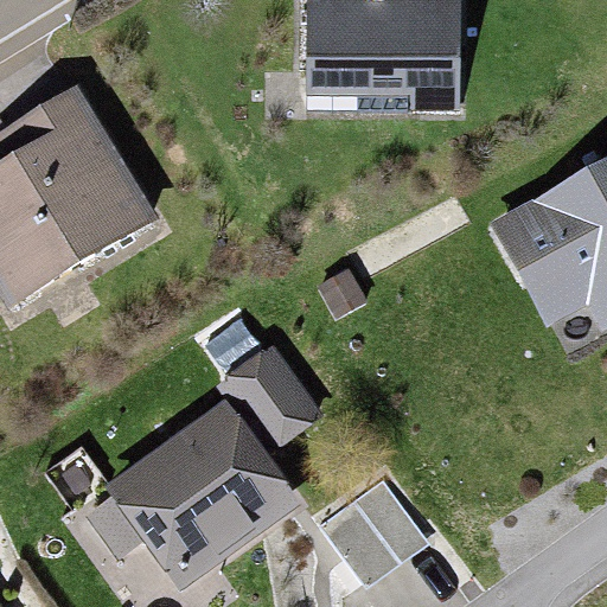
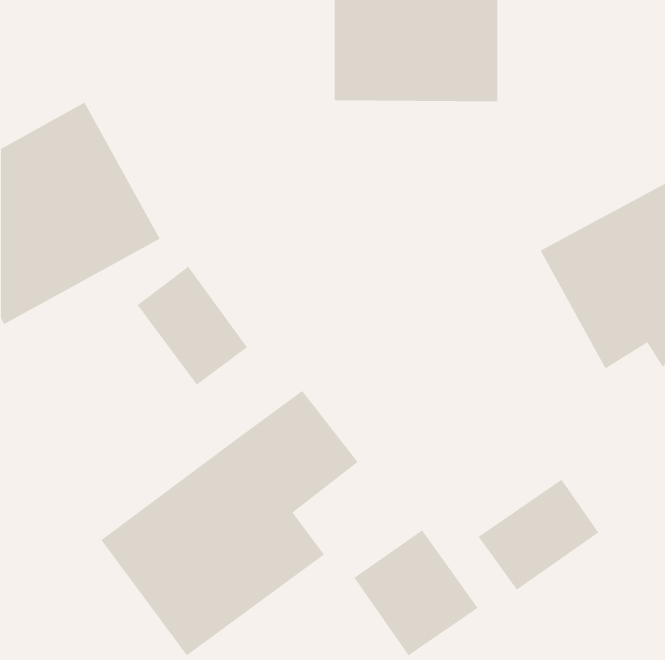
building: none -> [137,266,248,386]
building: none -> [478,479,599,591]

